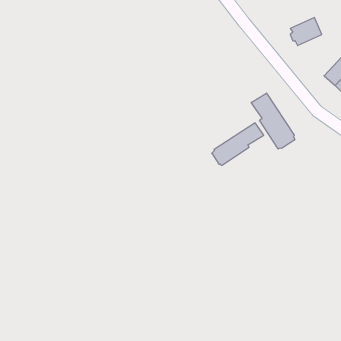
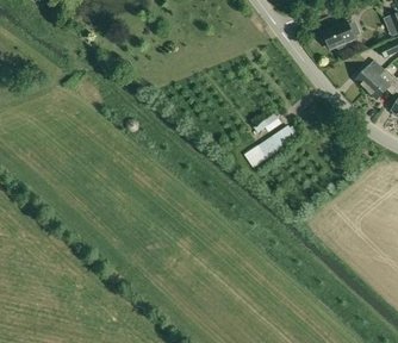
building: [251,93,295,149] -> none

